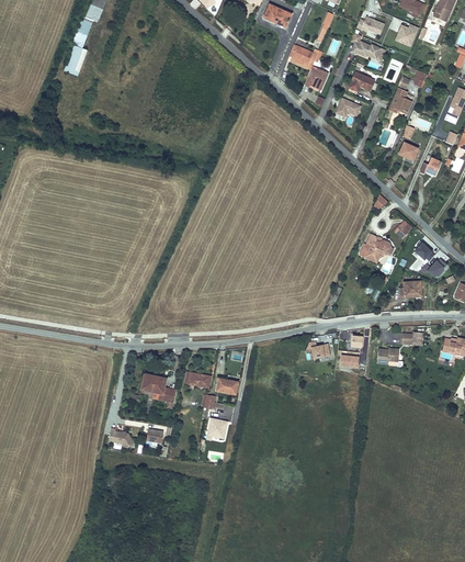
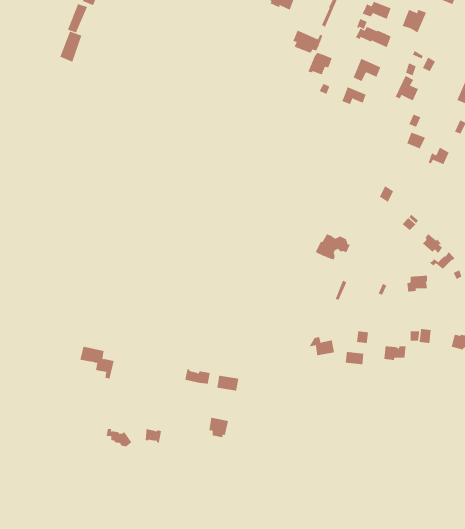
building: [360,237,394,262] -> [315,234,350,260]
building: [141,375,175,407] -> [79,346,115,379]

